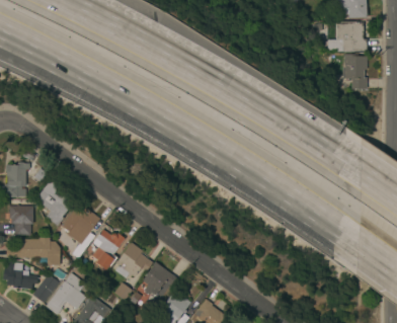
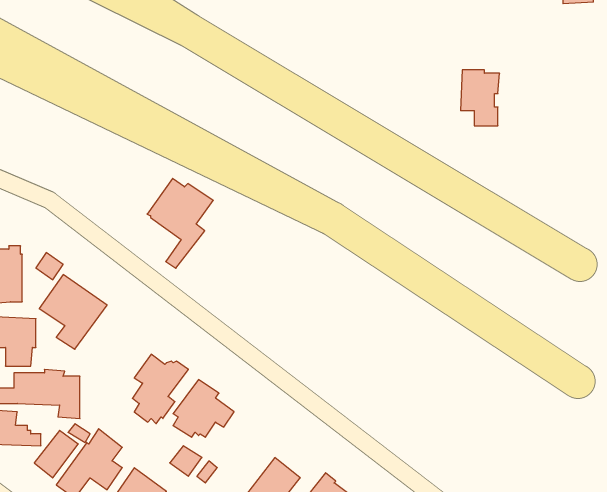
building: [337,22,367,51] -> none
building: [344,55,368,88] -> [461,70,500,126]
building: [61,205,100,258] -> [147,178,213,268]
building: [142,262,177,295] -> none

